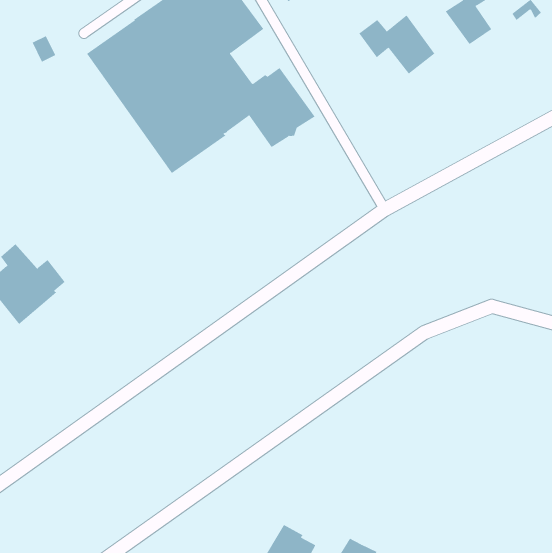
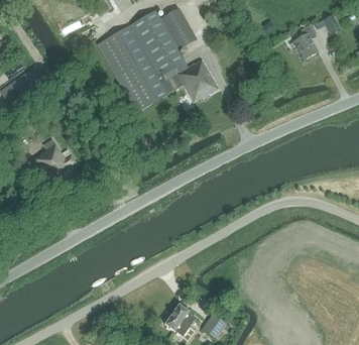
building: [359,14,435,74] -> none

